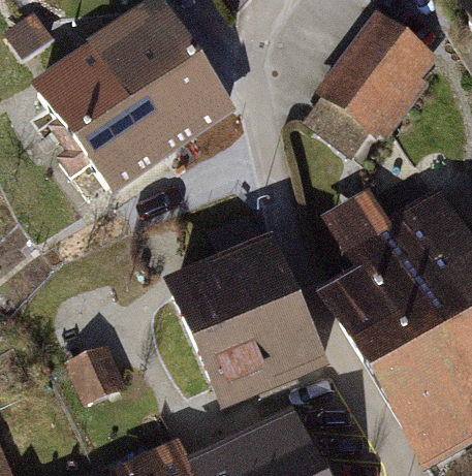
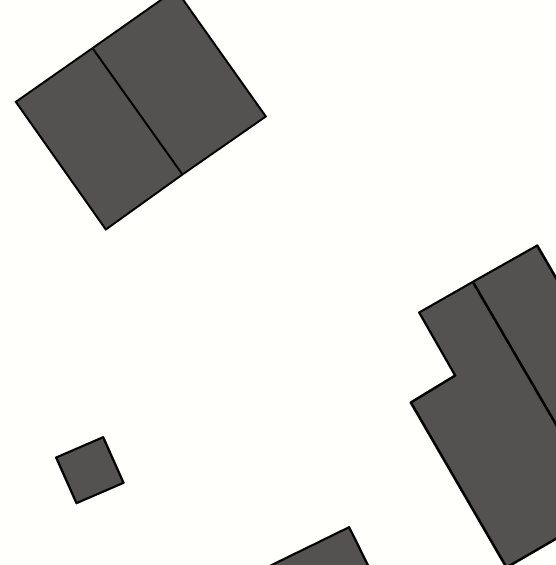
building: [300,13,433,160] -> none
building: [170,243,327,405] -> none

